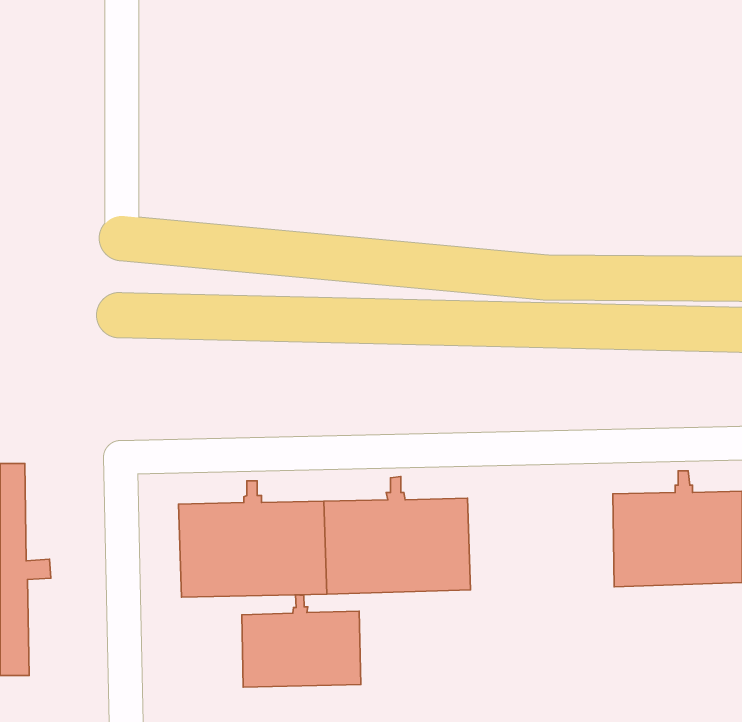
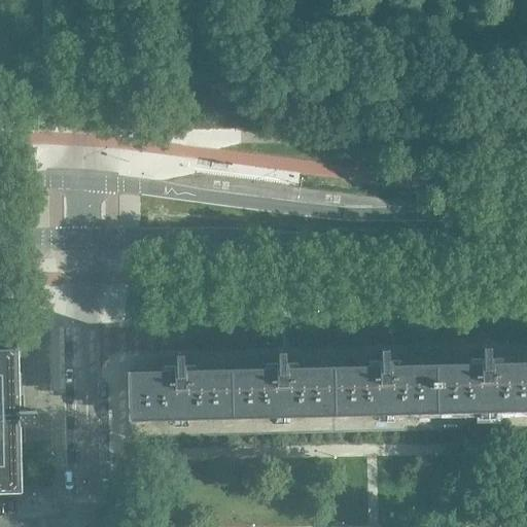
building: none -> [331,336,435,418]
building: [242,595,361,687] -> none

